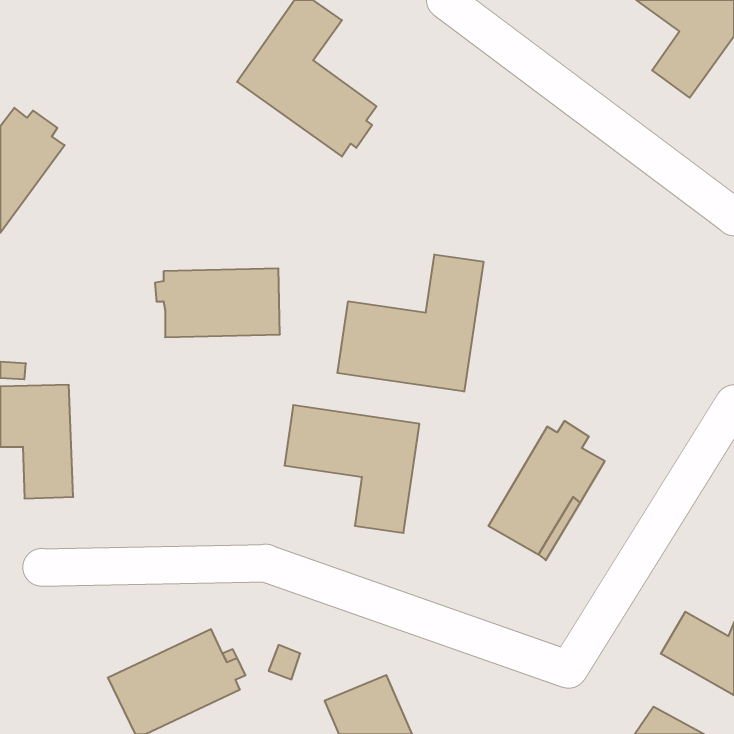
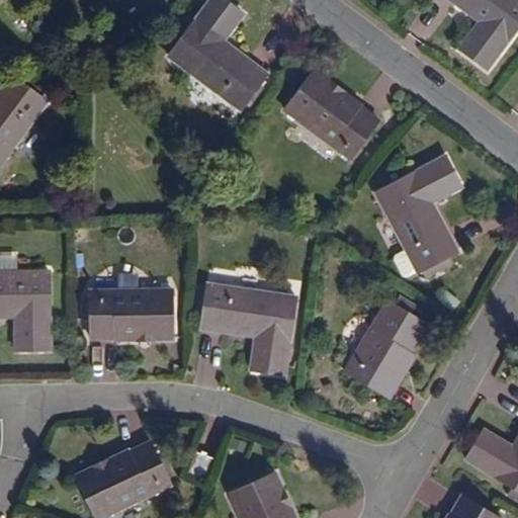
building: none -> [283,73,377,160]
building: none -> [376,156,461,277]
building: [337,254,483,392] -> none
building: [155,268,280,337] -> [84,290,172,339]

